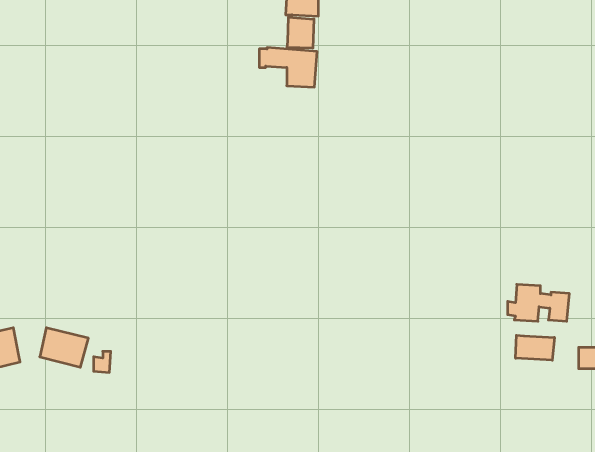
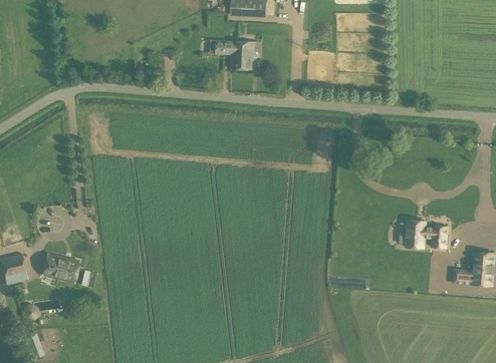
building: [287,17,314,48] -> none
building: [516,335,554,360] -> none

